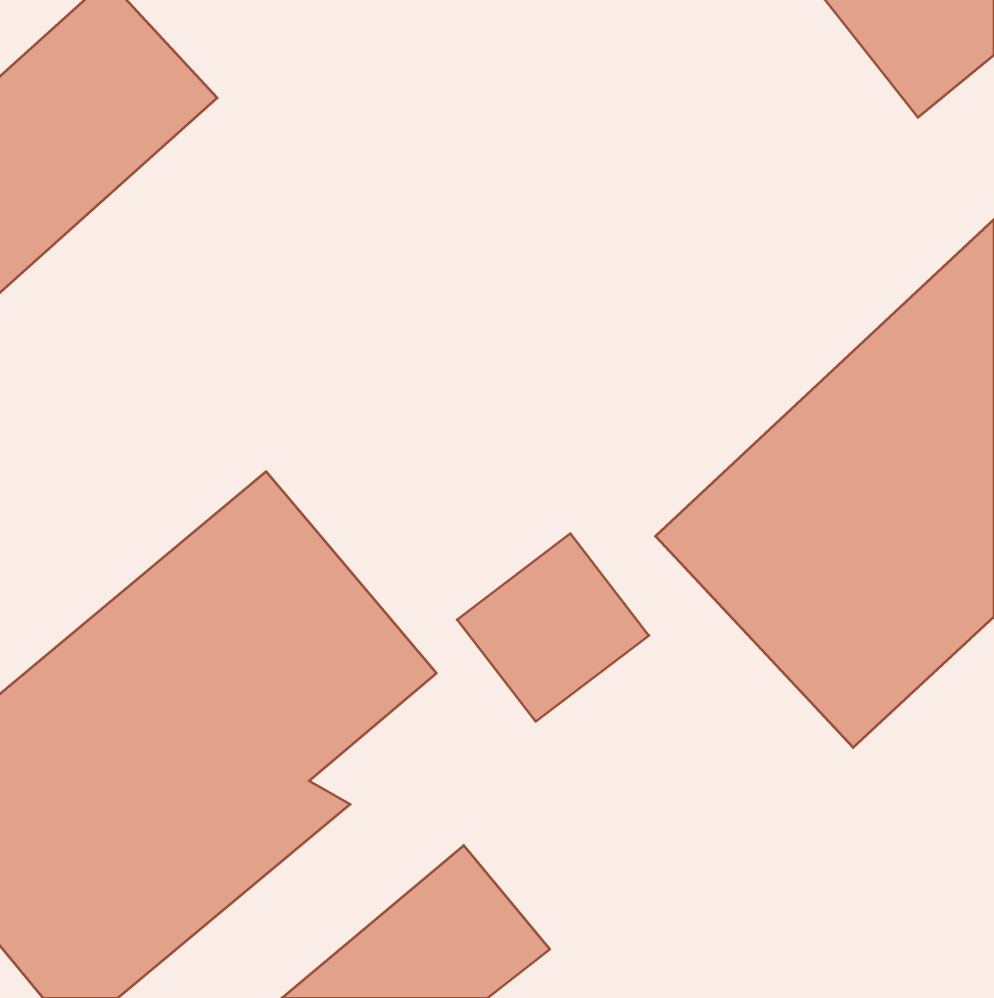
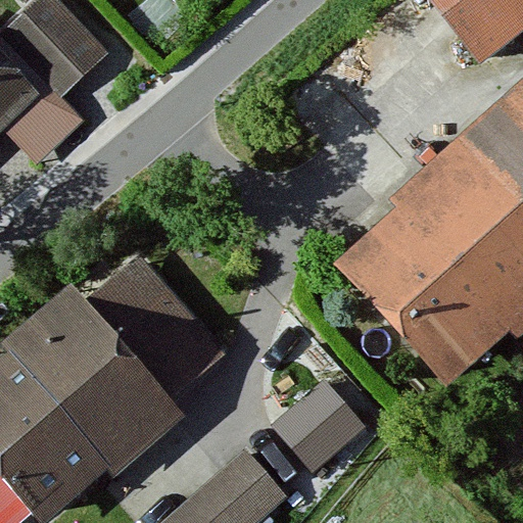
building: [457,534,649,721] -> [264,367,364,465]

